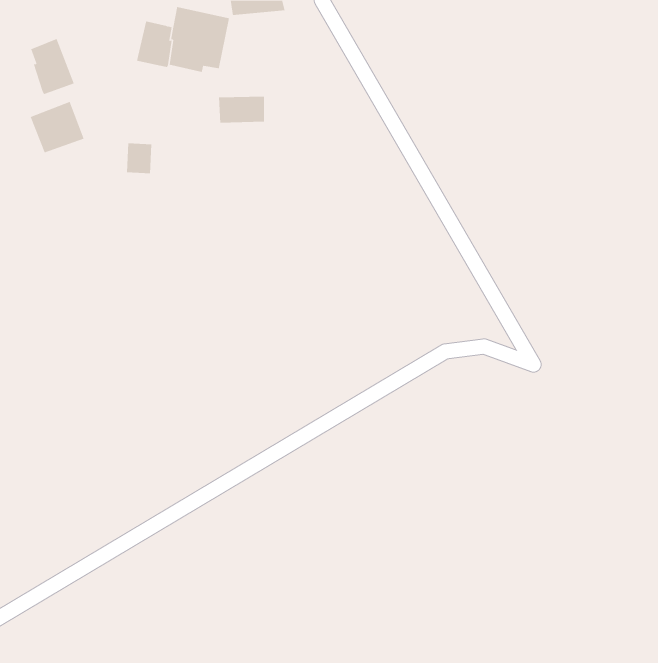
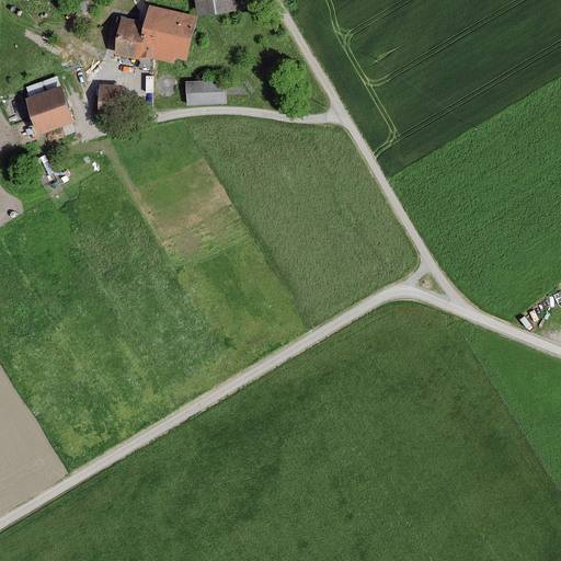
building: [30,38,74,95] -> none
building: [126,143,152,174] -> [96,85,118,112]

